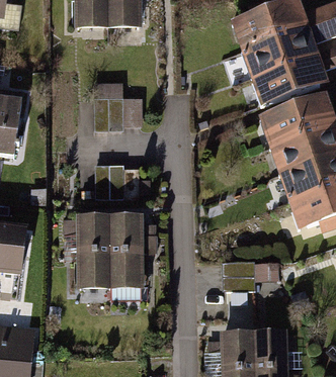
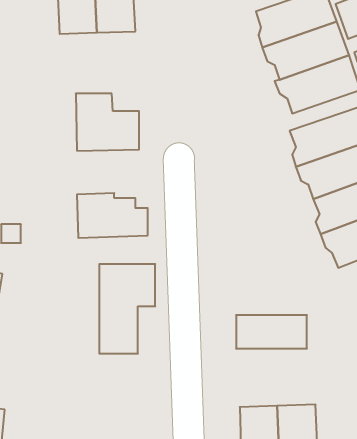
building: [59,219,110,293] -> none

